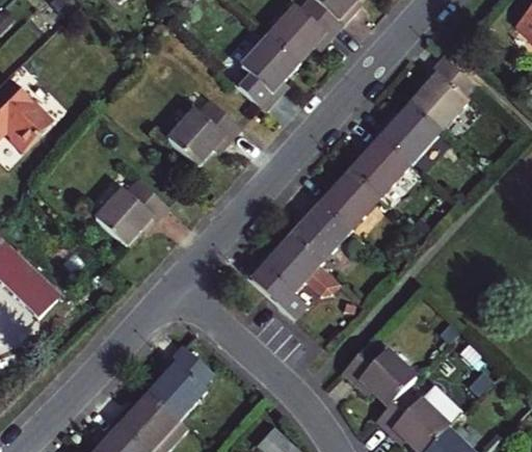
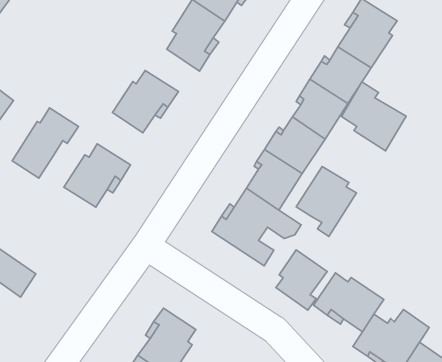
building: none -> [12,108,78,178]
building: none -> [342,82,406,151]
building: none -> [296,166,356,236]
building: none -> [276,250,327,310]

